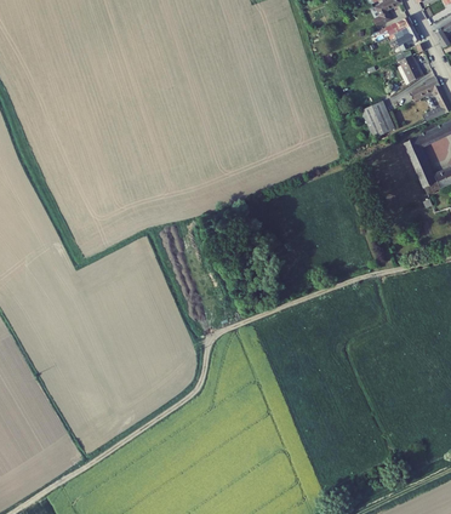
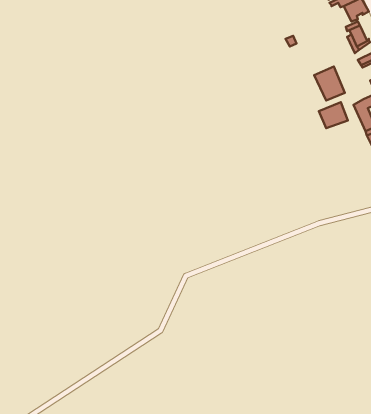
building: none -> [319,102,348,128]

